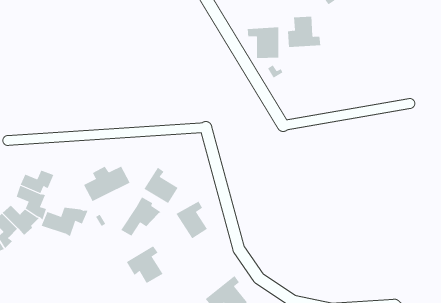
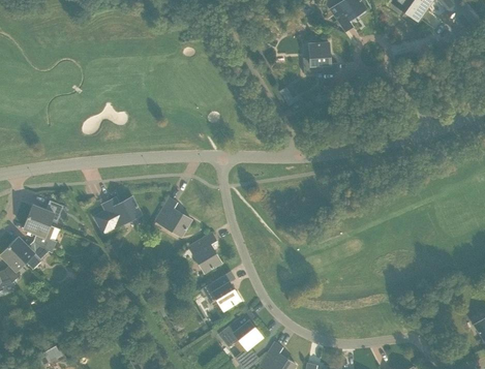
building: [247,26,279,59] -> none
building: [120,197,162,236] -> none
building: [41,207,88,237] -> none
building: [125,246,163,284] -> [202,271,241,310]

